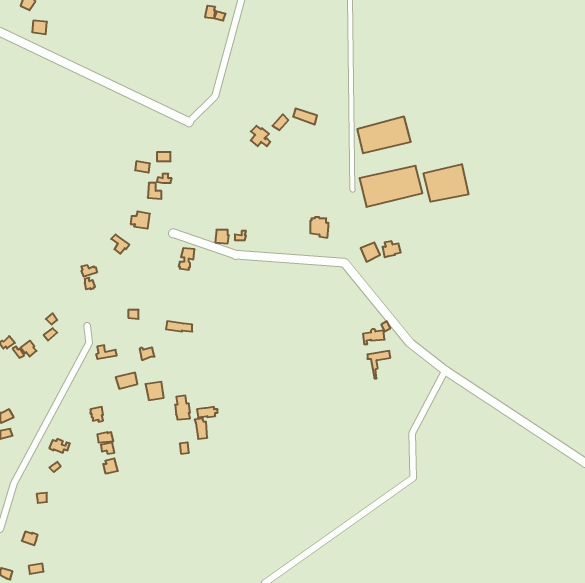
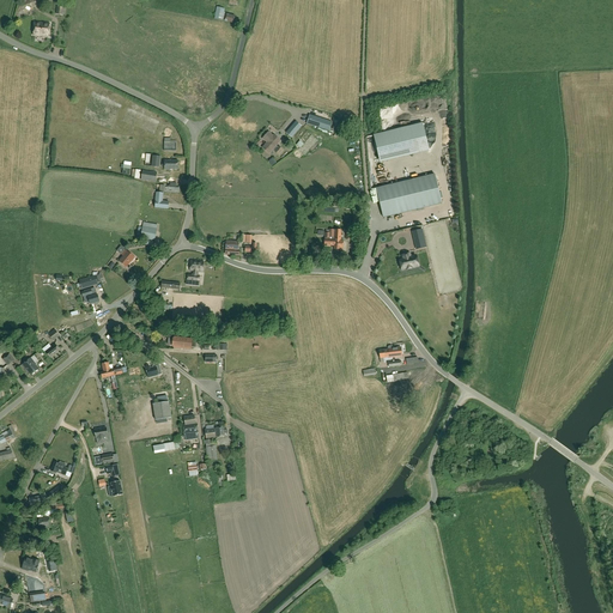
building: [424,164,468,202] -> none

